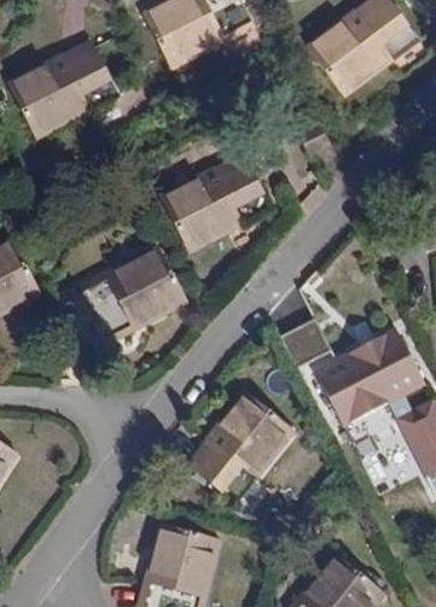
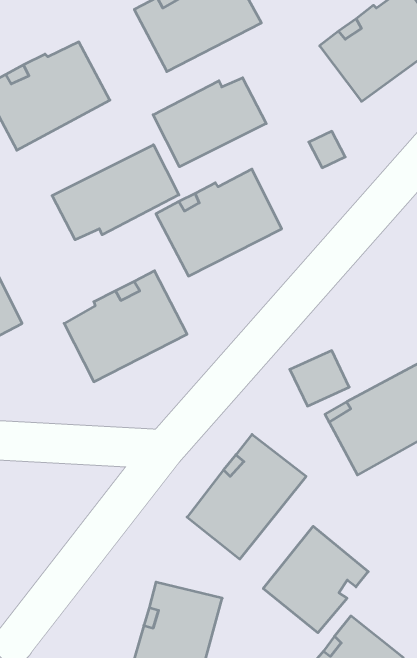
building: none -> [153,78,266,167]
building: none -> [52,145,179,240]
building: none -> [263,526,368,633]

